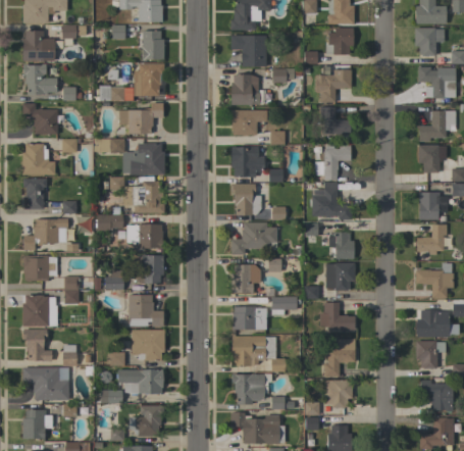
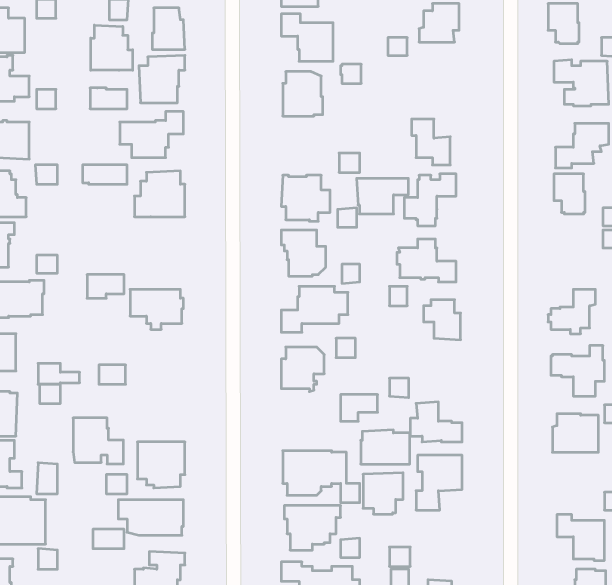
building: none -> [91,25,133,70]
building: [315,69,351,102] -> none
building: [230,110,266,135] -> [357,178,408,214]
building: [110,177,164,213] -> none
building: [418,192,448,219] -> none
building: [139,255,164,284] -> none
building: [325,262,355,291] -> none
building: [128,295,163,327] -> [73,418,123,464]
building: [233,306,266,330] -> [361,430,410,464]
building: [416,341,446,368] -> none
building: [324,380,352,408] -> [363,473,403,514]

